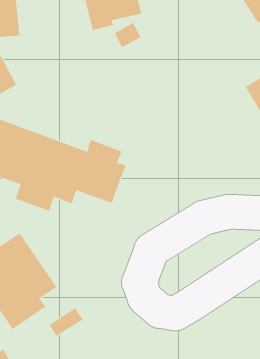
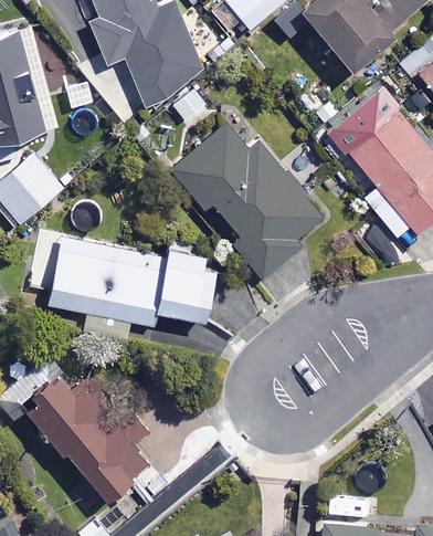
building: none -> [171,118,324,281]

